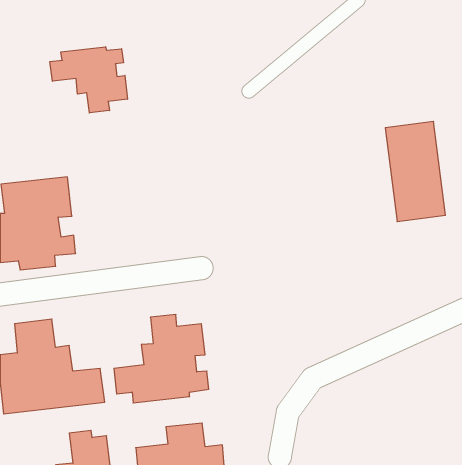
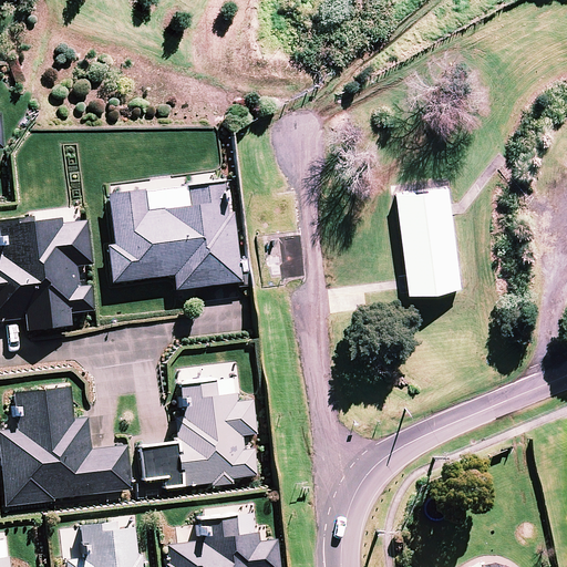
building: [50,47,127,113] -> none
building: [385,121,445,222] -> [382,178,455,300]
building: none -> [111,182,241,289]

